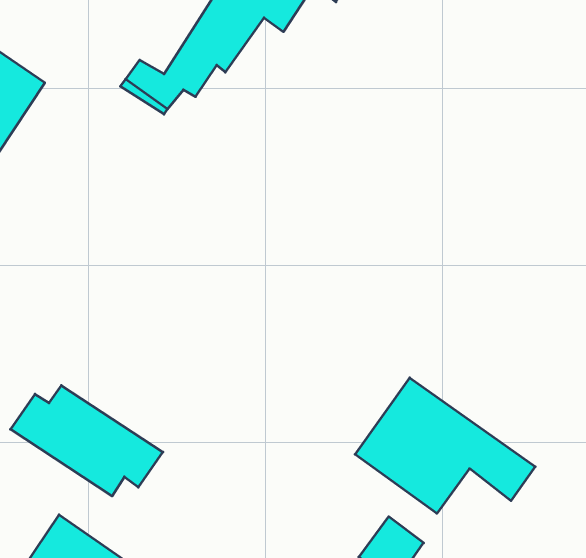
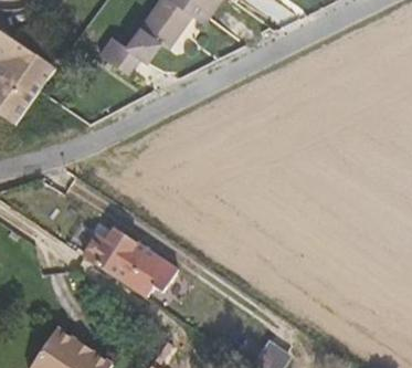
building: [355,378,535,513] -> none
building: [10,385,163,496] -> [65,214,161,284]

